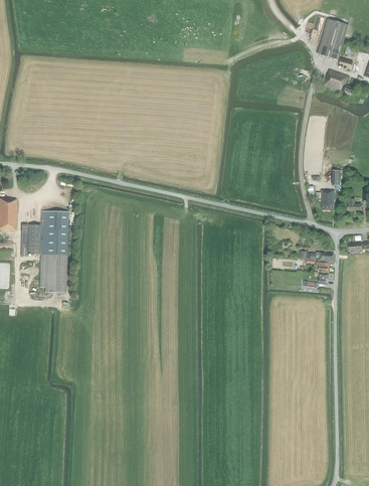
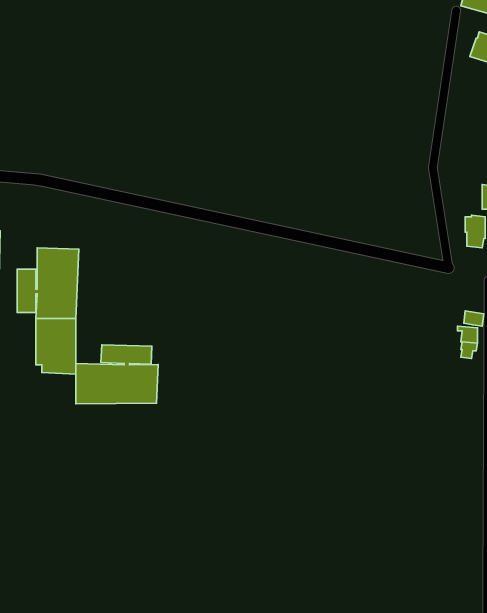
building: none -> [76,345,158,404]

